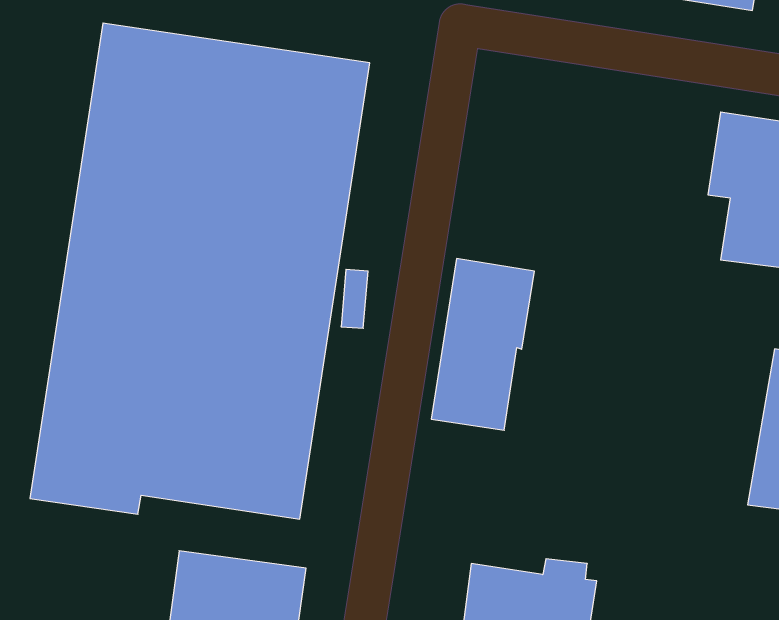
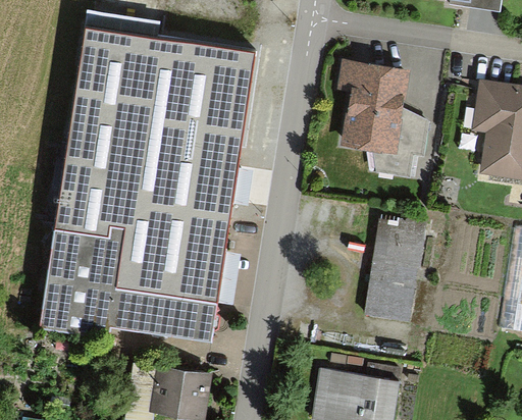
building: none -> [338,60,432,179]
building: [431,259,534,430] -> [364,214,430,324]

